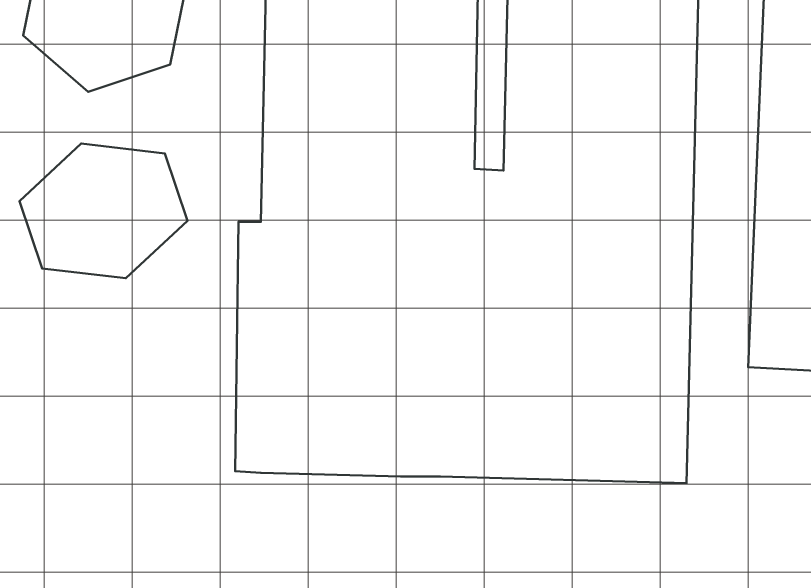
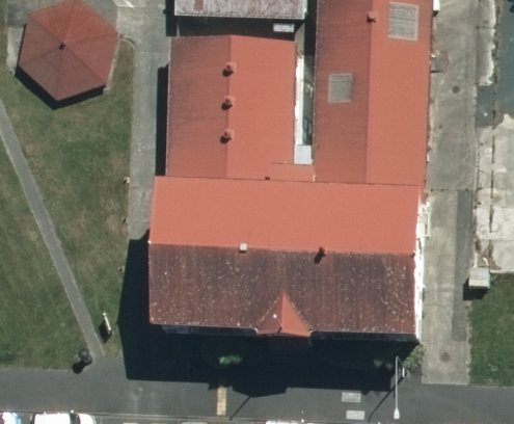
building: [20,144,187,278] -> none

